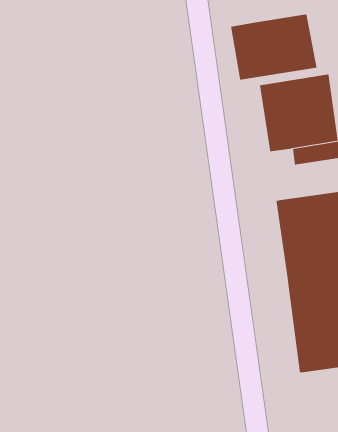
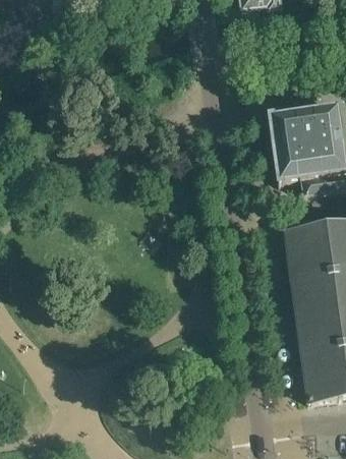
building: [230,13,317,81] -> none

